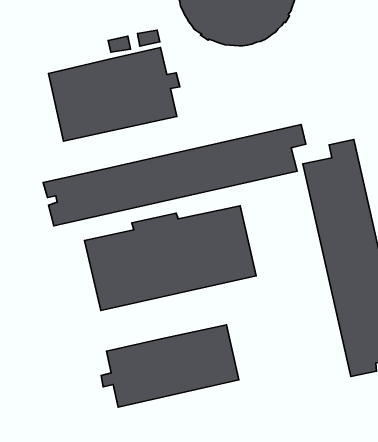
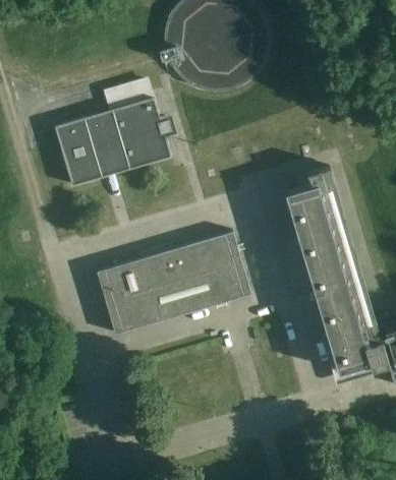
building: [43,125,306,226] -> none
building: [101,325,239,407] -> none

